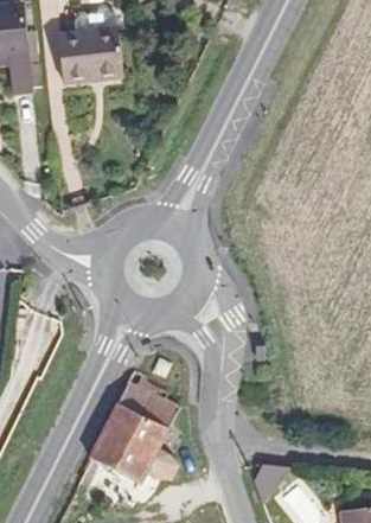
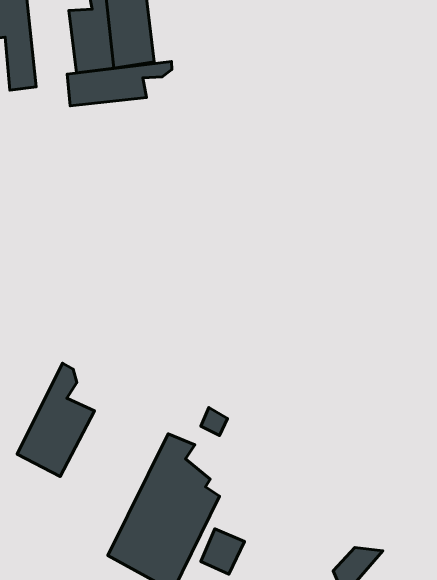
building: none -> [67,61,172,106]
building: none -> [17,363,95,477]

